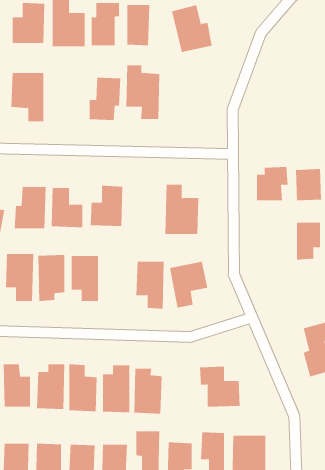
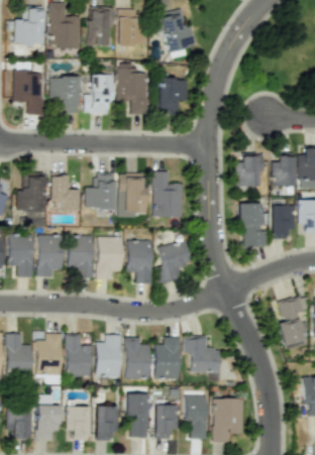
building: none -> [50,77,80,113]
building: none -> [158,79,190,113]
building: none -> [118,174,146,213]
building: none -> [239,204,267,248]
building: none -> [96,237,122,279]
building: none -> [154,337,181,380]

